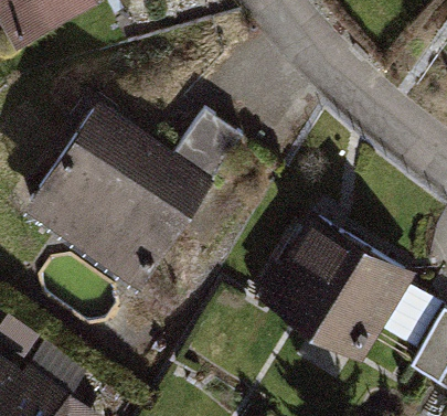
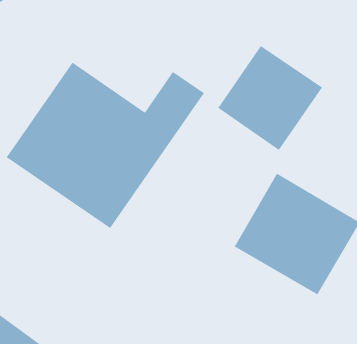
building: none -> [218,45,323,151]

